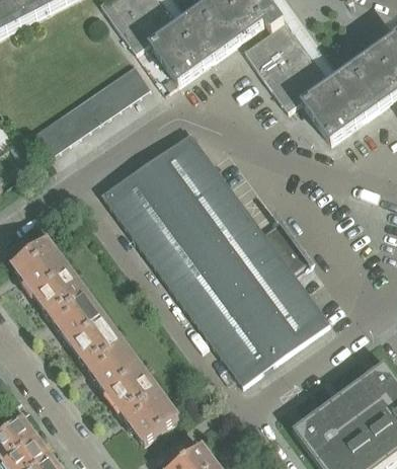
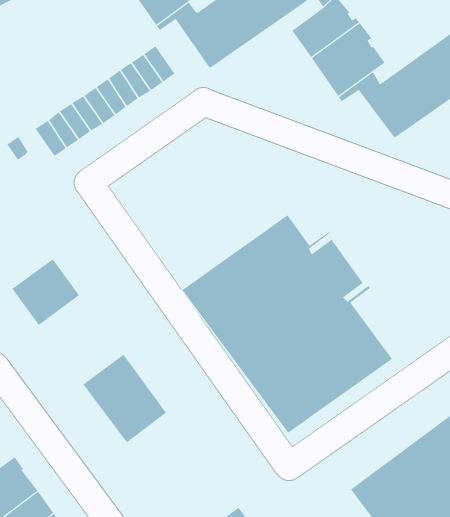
building: [101,135,242,266] -> none
building: [35,270,106,344] -> none
building: [108,368,179,444] -> none

